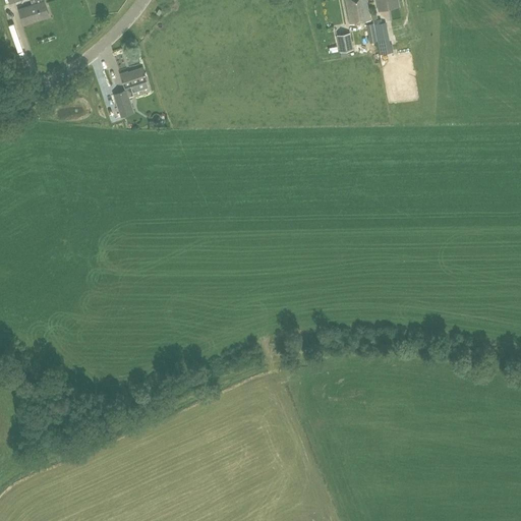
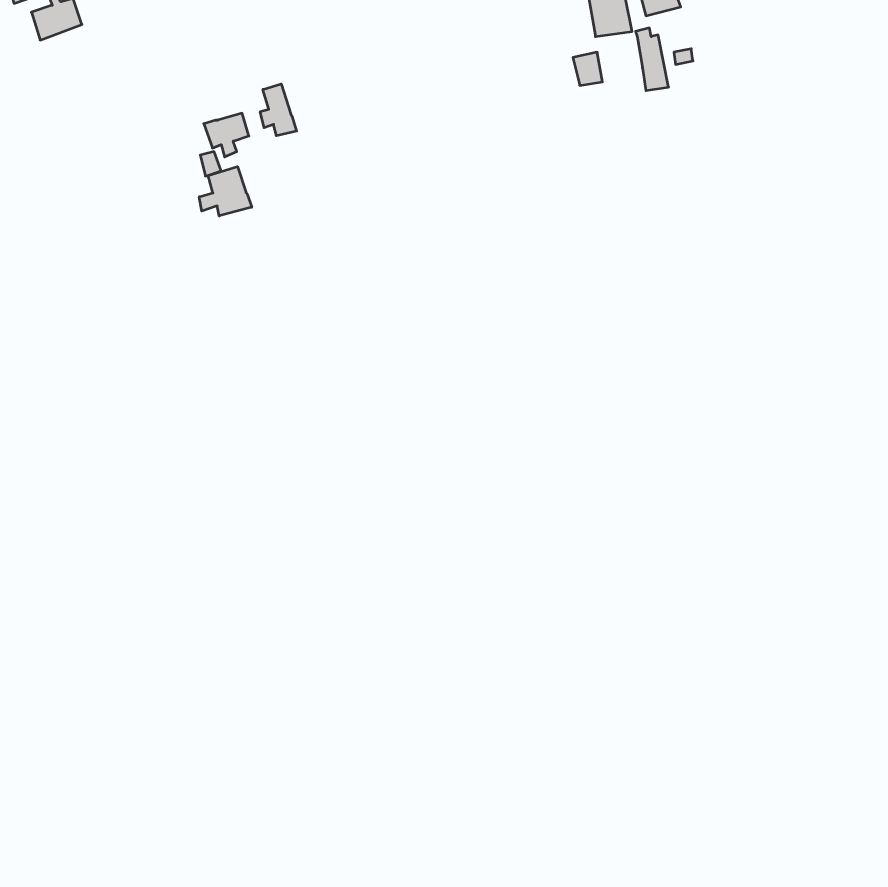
building: none -> [260,84,297,136]
building: none -> [199,167,252,216]

